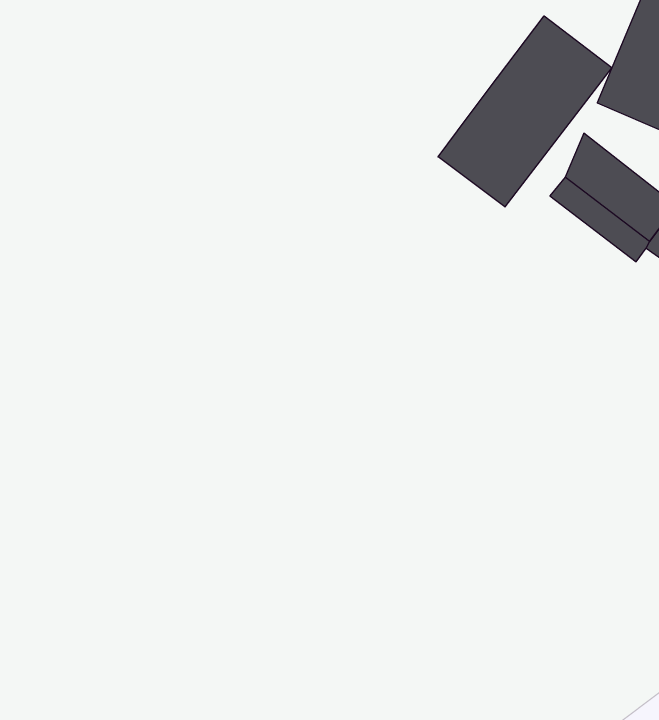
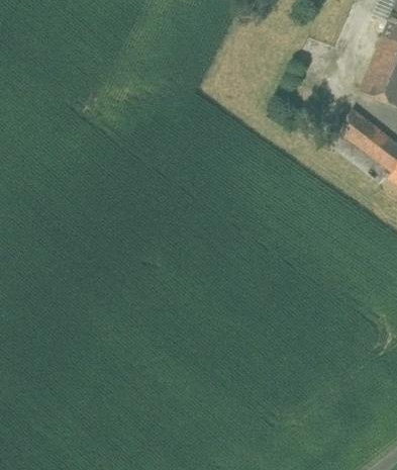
building: [438,16,612,207] -> none

